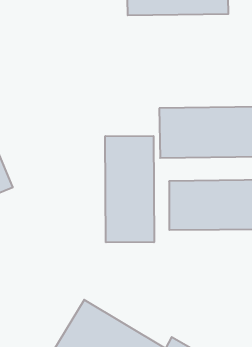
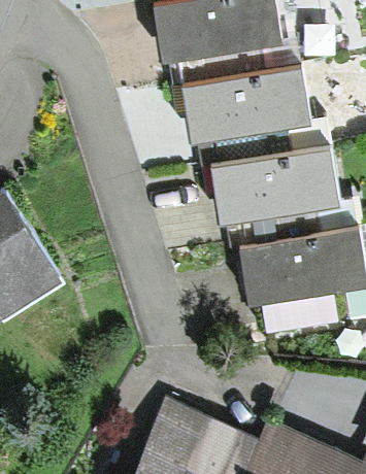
building: none -> [186,67,312,143]
building: [105,136,154,242] -> none

